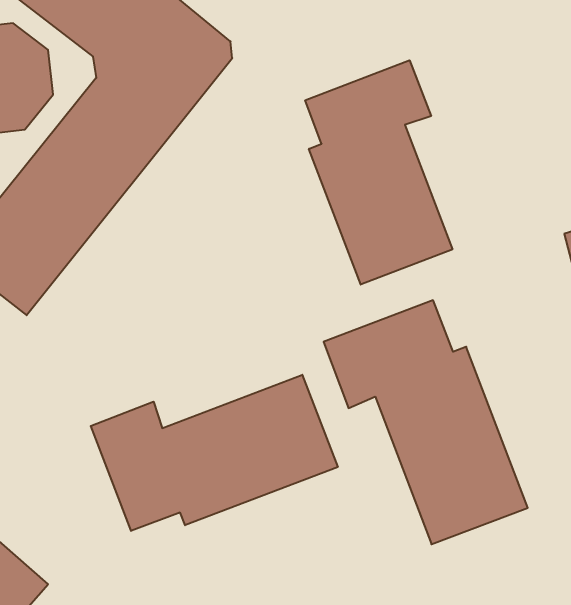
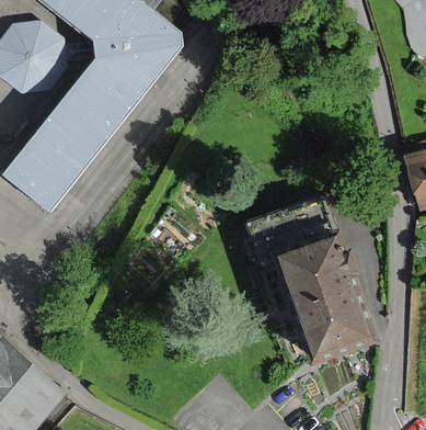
building: [305,60,452,285] -> none
building: [91,375,338,531] -> none

